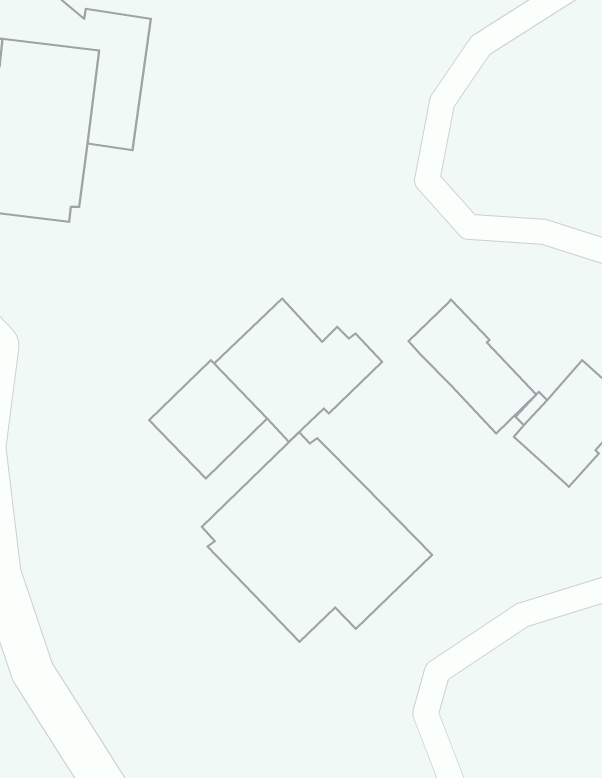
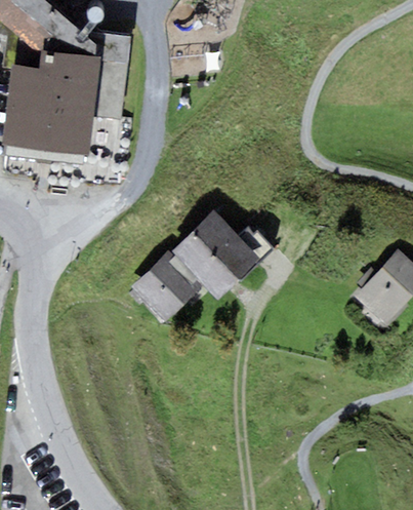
building: [408,300,536,433] -> none
building: [202,432,432,642] -> none

